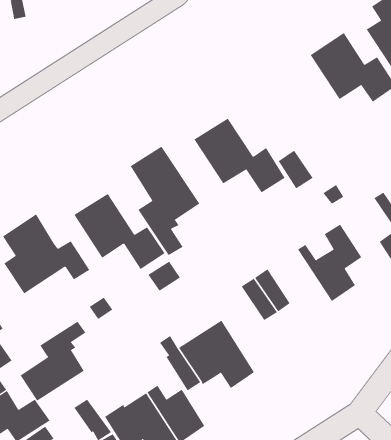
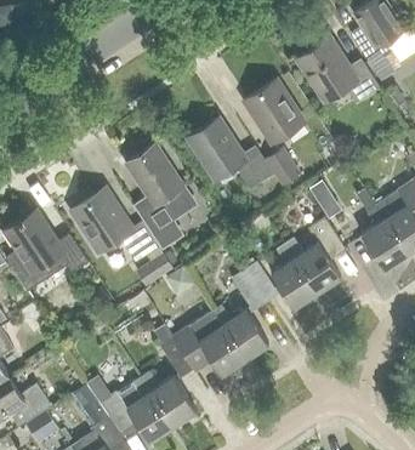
building: none -> [244,80,303,143]
building: none -> [271,243,317,308]
building: none -> [212,304,268,359]
building: [20,321,86,402] -> none

